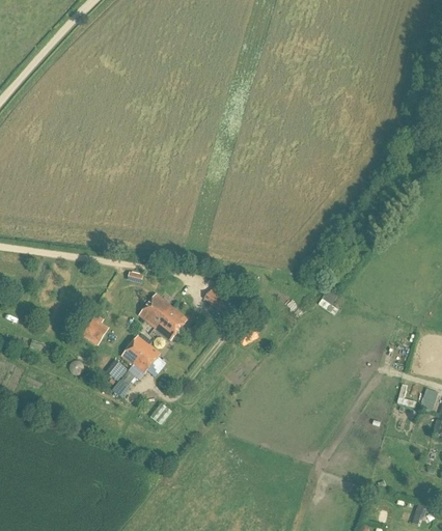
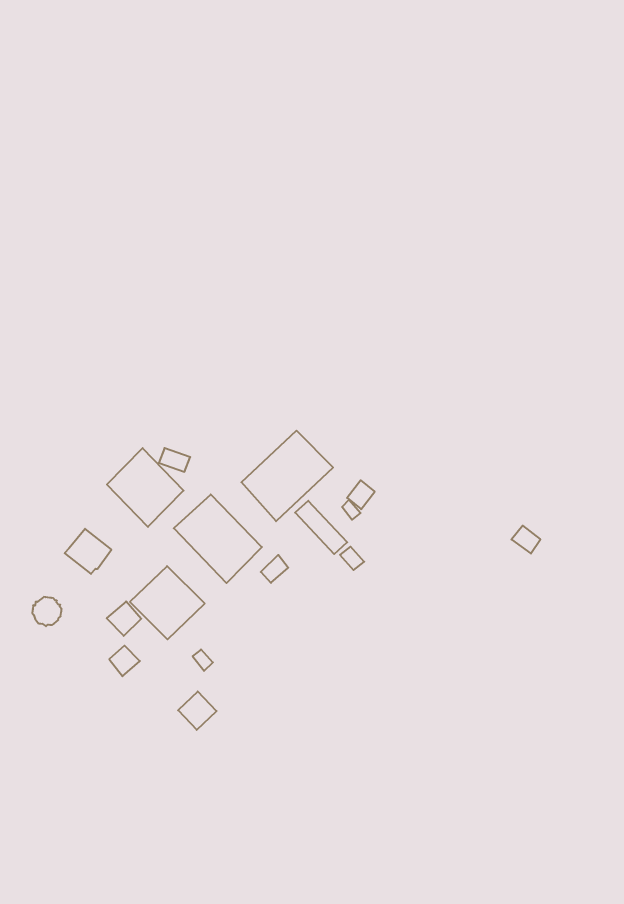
building: none -> [241,431,333,521]
building: none -> [107,448,184,527]

